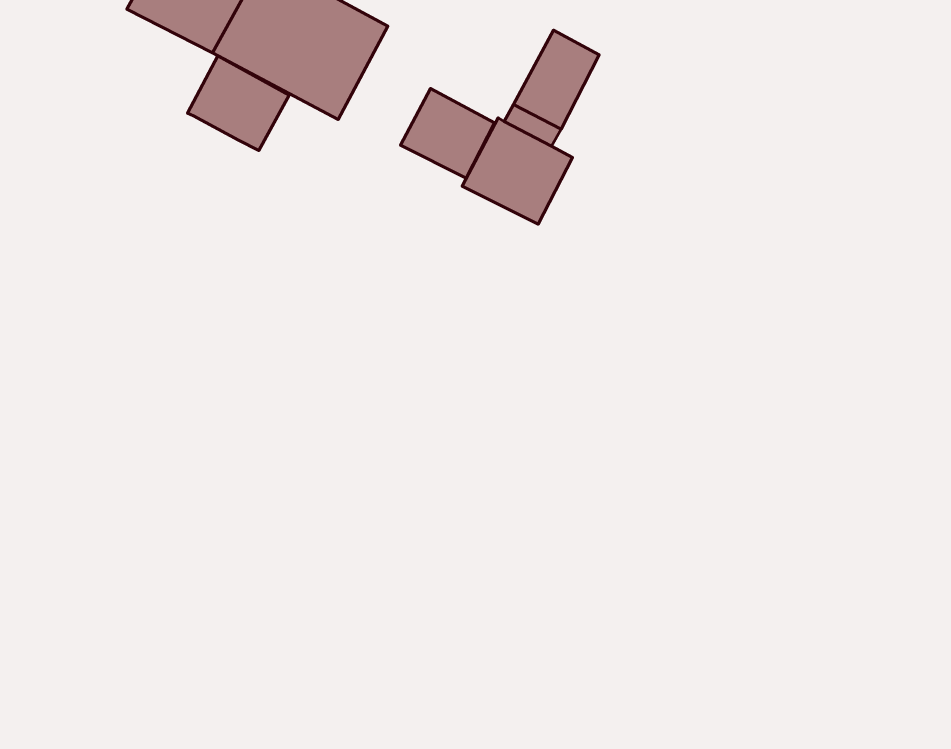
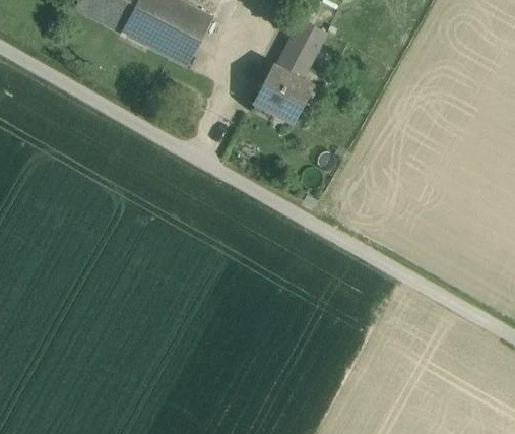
building: [187,56,289,150] -> none
building: [400,88,495,178] -> none

